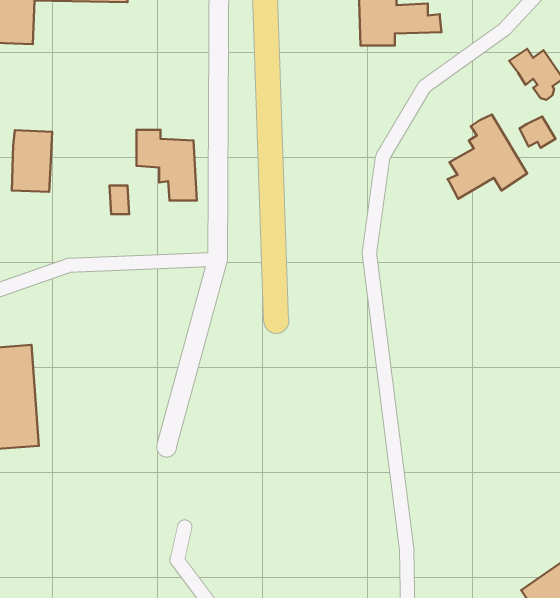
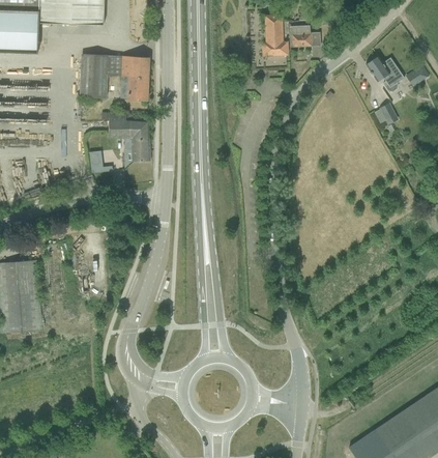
building: none -> [120,56,148,99]
building: [447,115,527,199] -> none
building: [12,130,52,192] -> [80,54,108,96]

